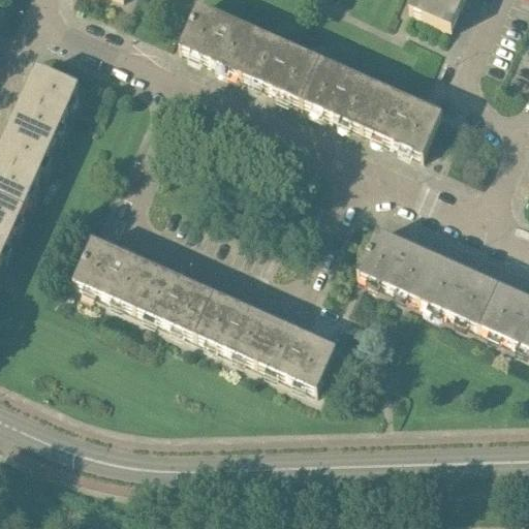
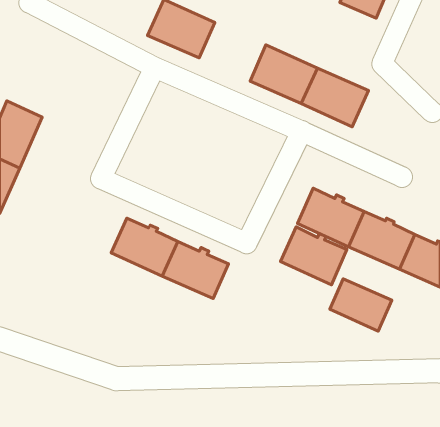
building: [239,27,318,97] -> none
building: [8,60,79,141] -> none
building: [72,235,152,303] -> none
building: [255,316,335,385] -> [280,227,347,285]
building: none -> [330,279,392,331]

